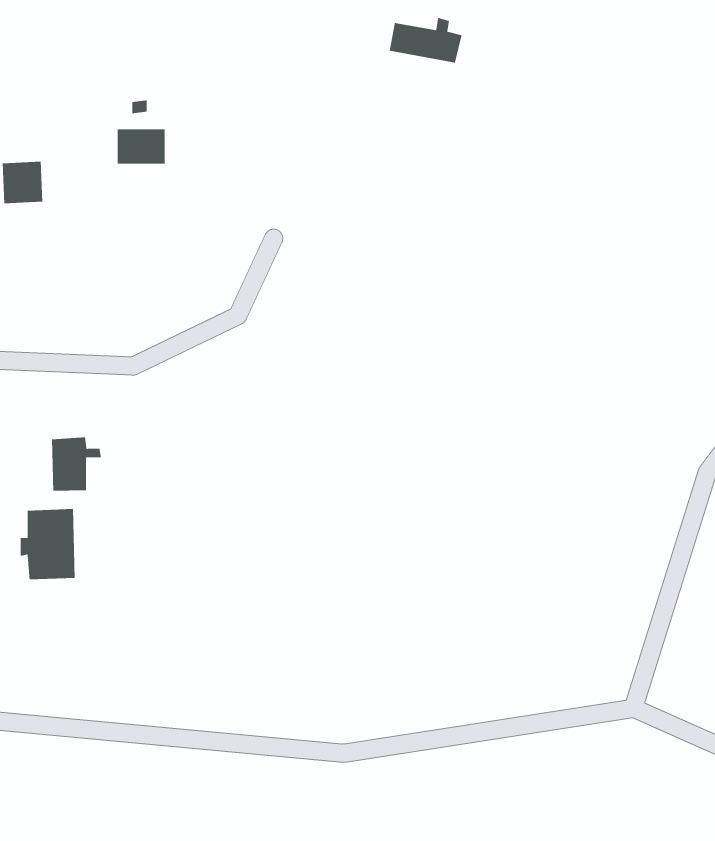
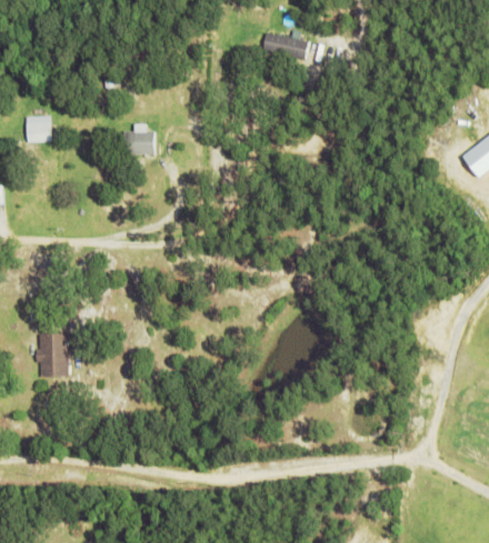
building: [117,128,166,164] -> [123,131,153,153]
building: [51,437,102,492] -> none

